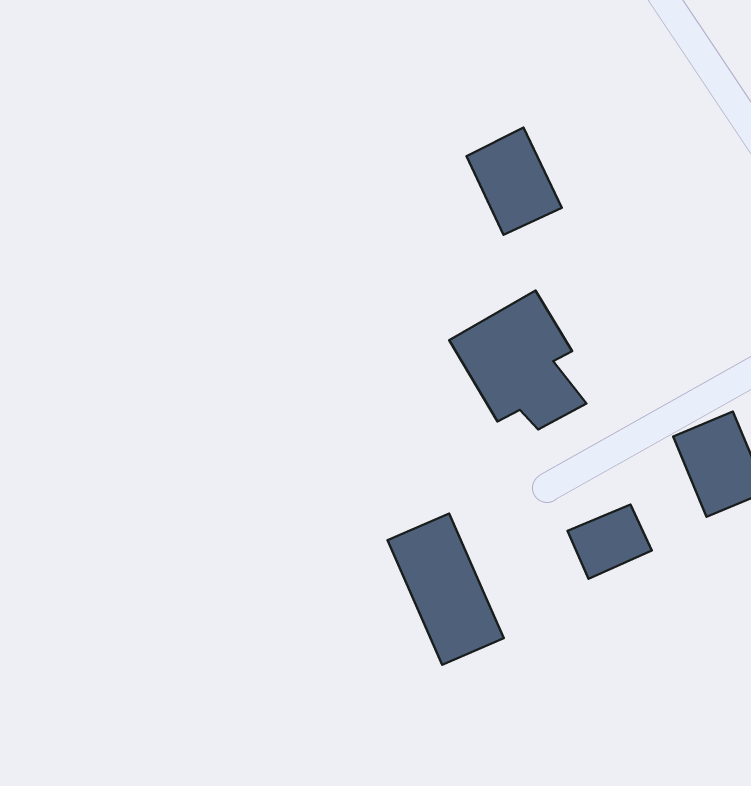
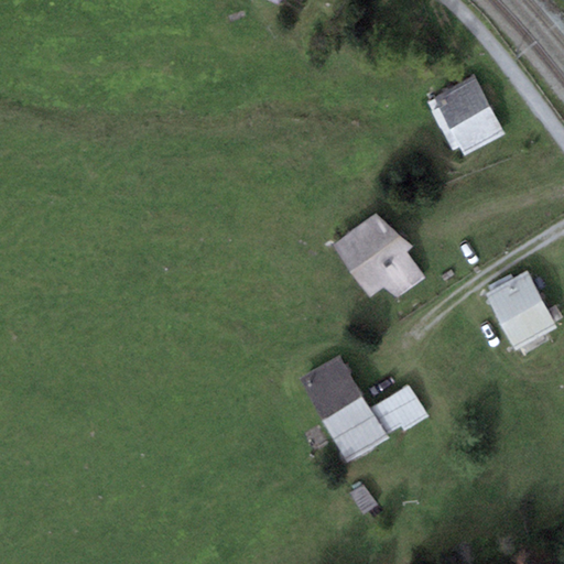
building: [467,127,562,235] -> [438,79,505,152]
building: [567,504,652,579] -> [367,387,424,438]

